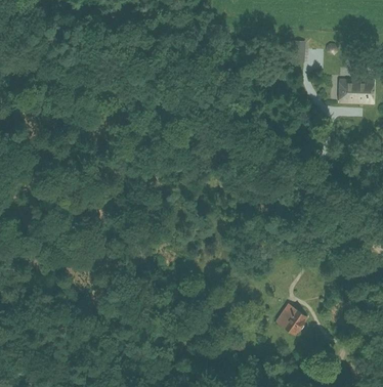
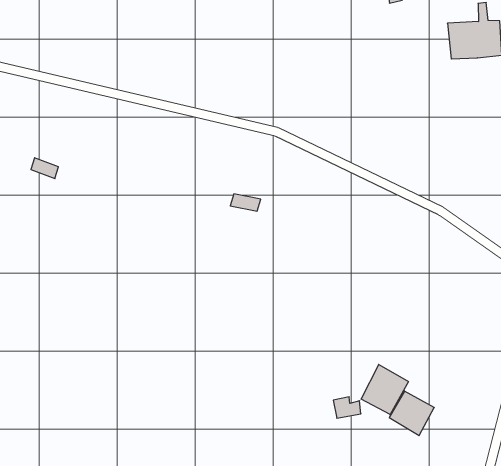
building: none -> [361,364,408,415]

